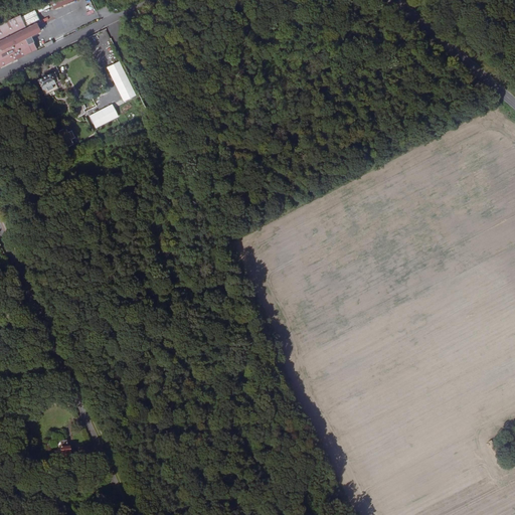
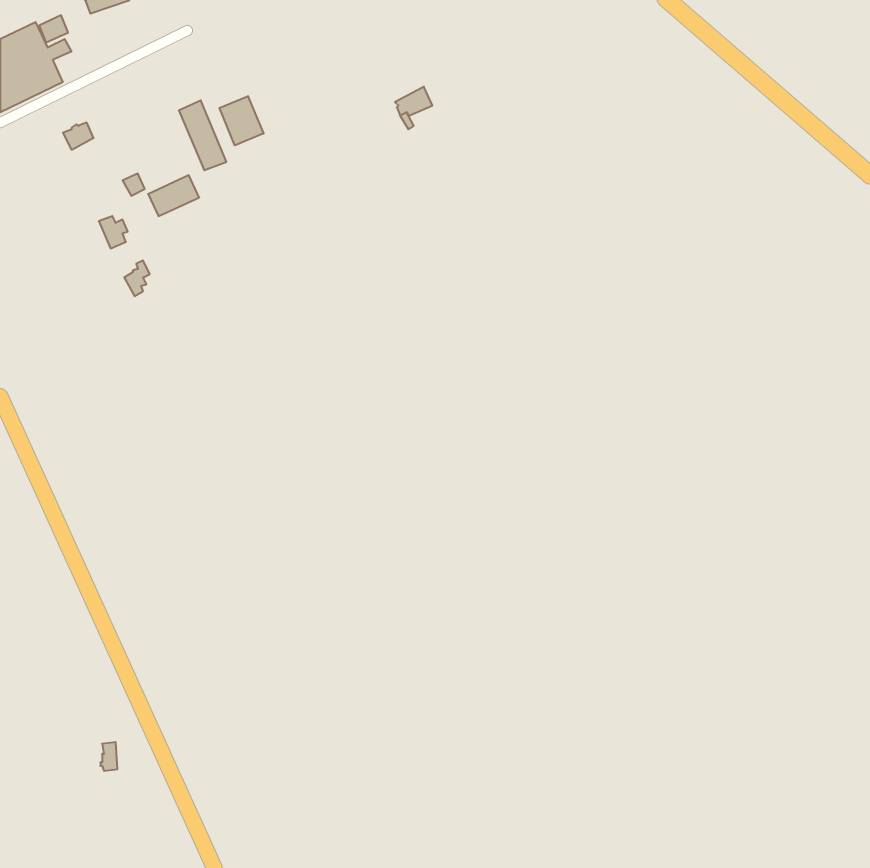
building: none -> [219,96,264,145]

